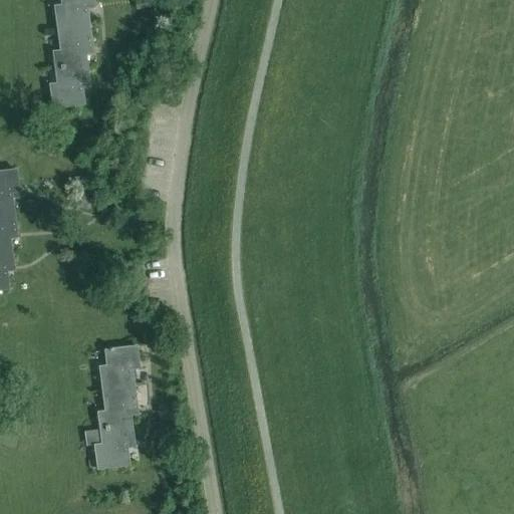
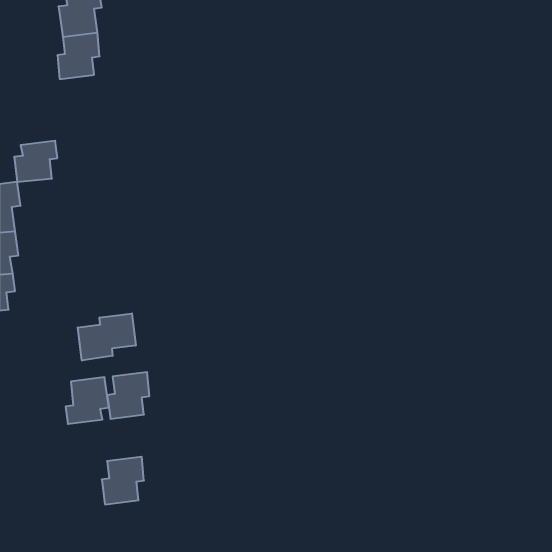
building: [49,69,89,107] -> [14,141,57,182]
building: none -> [78,313,136,361]
building: [97,384,138,428] -> [66,377,109,424]

